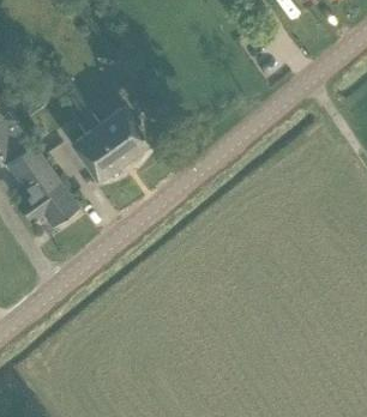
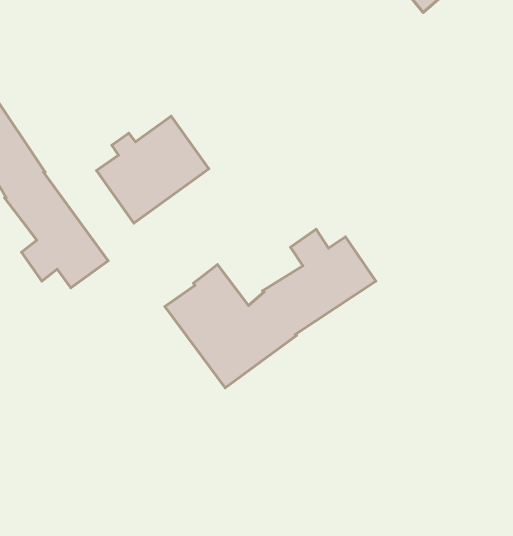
building: none -> [165,229,376,388]

